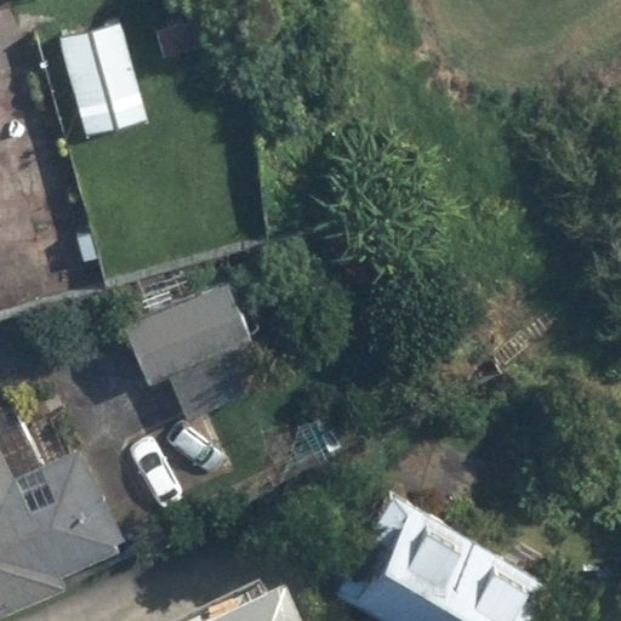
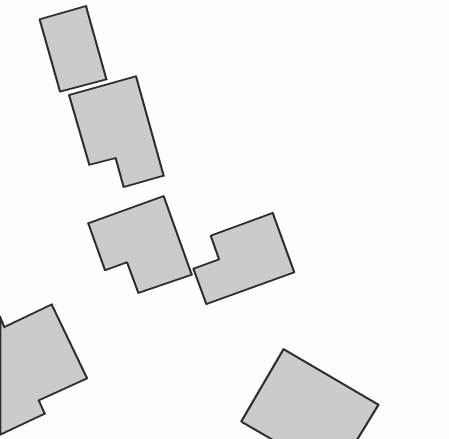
building: none -> [69,76,164,187]
building: none -> [194,213,294,304]

